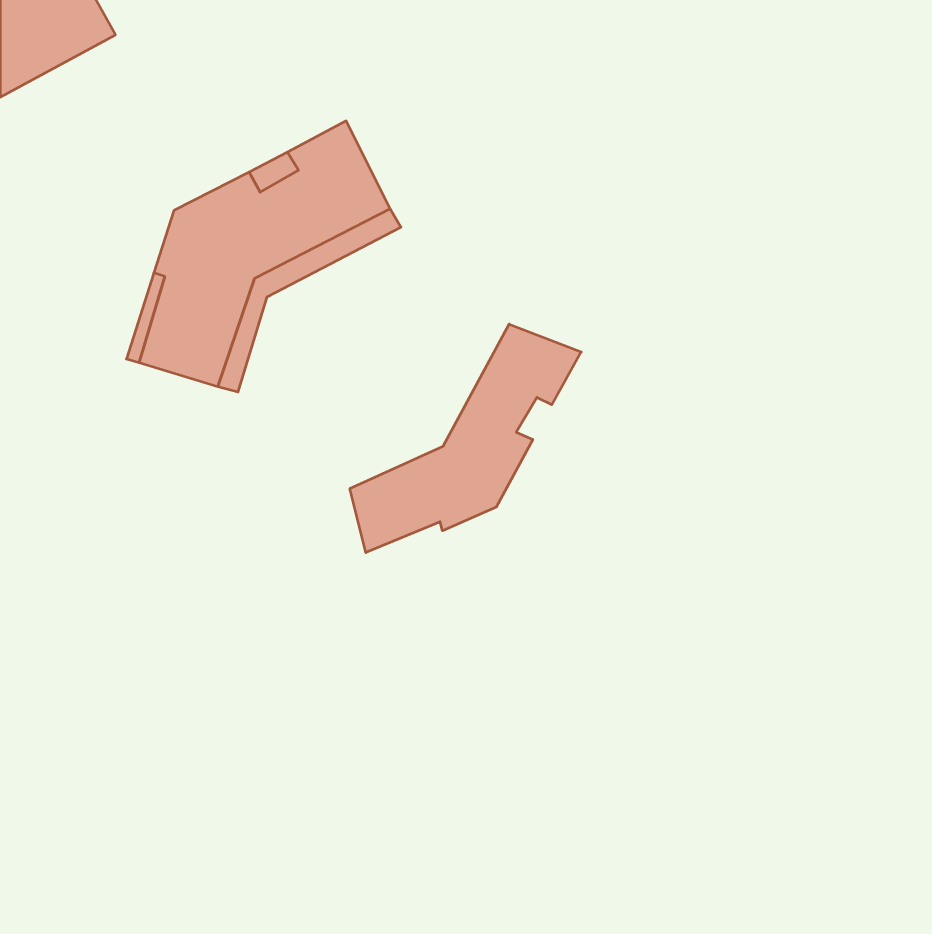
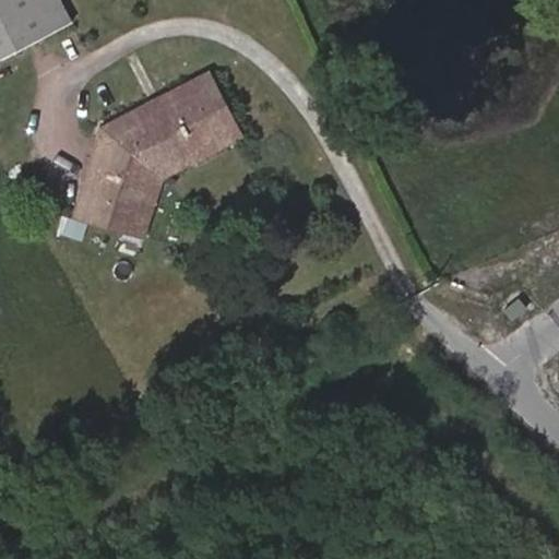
building: [350,324,581,553] -> none

